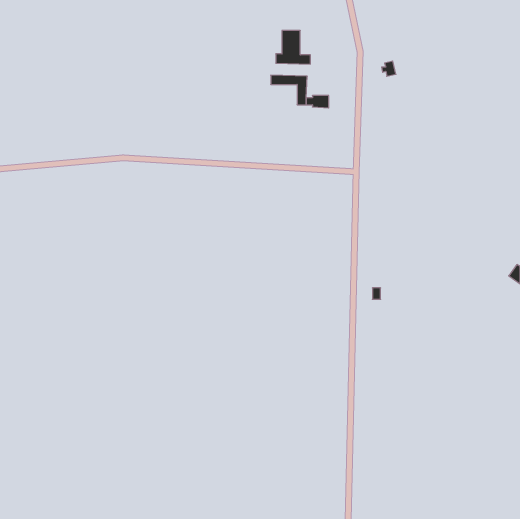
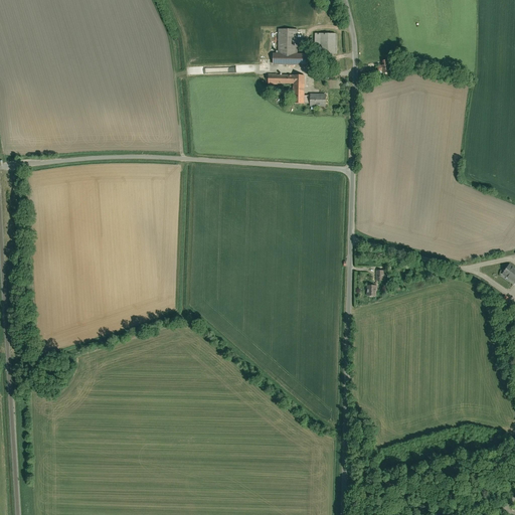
building: none -> [315,33,336,53]

